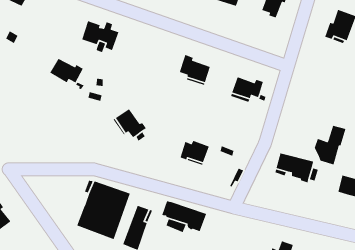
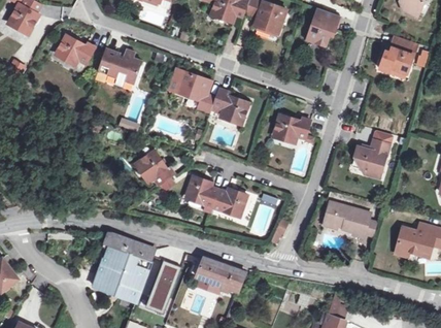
building: none -> [169,67,215,110]
building: [49,58,84,83] -> [56,34,96,64]
building: [314,125,347,166] -> [354,129,393,176]
building: none -> [185,174,218,207]

